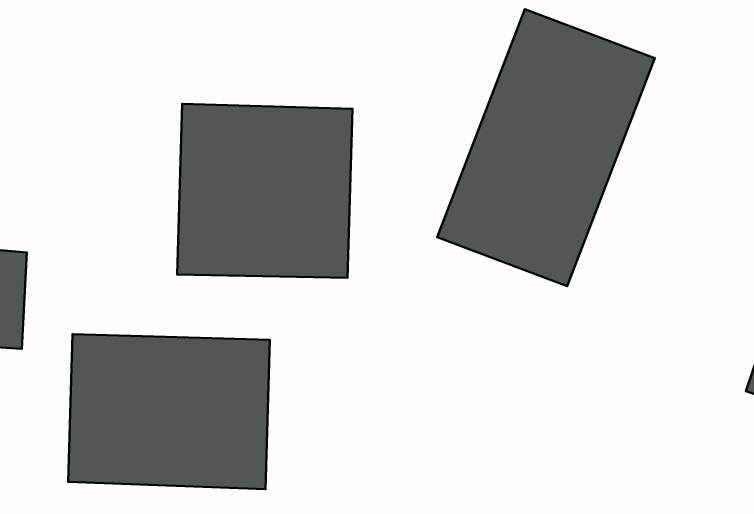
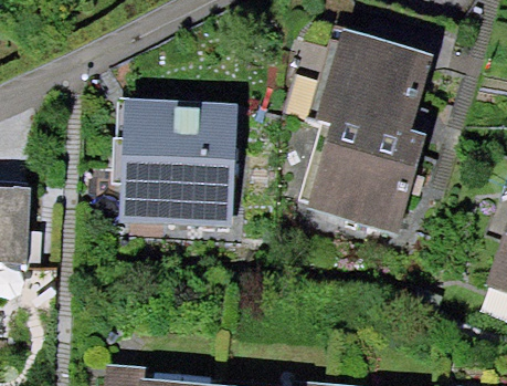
building: [68,334,270,489] -> none

